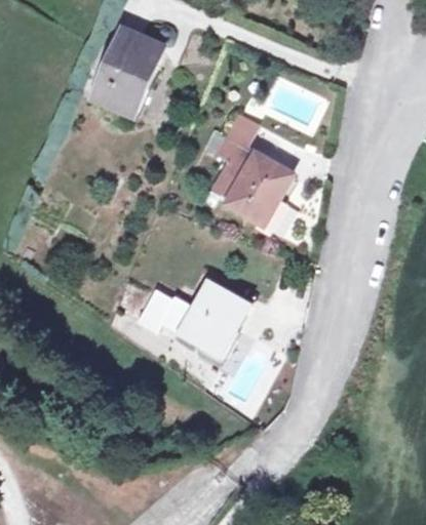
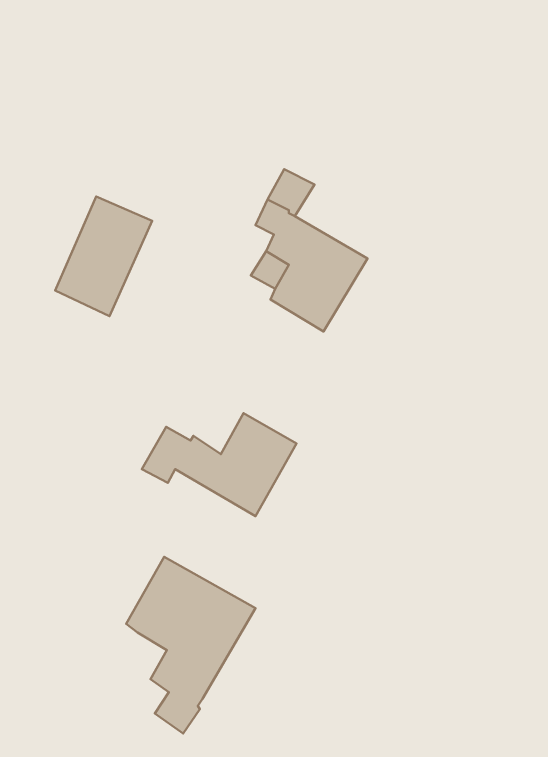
building: [102,27,167,108] -> [55,196,152,316]
building: none -> [126,557,255,734]

